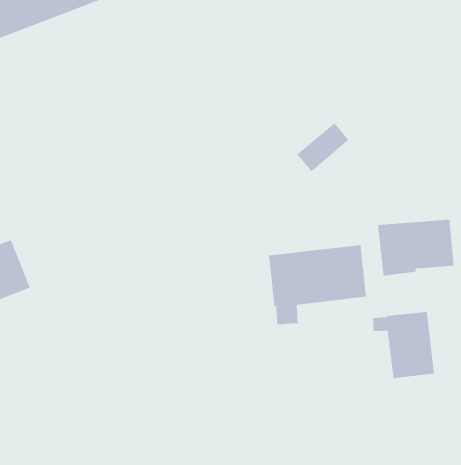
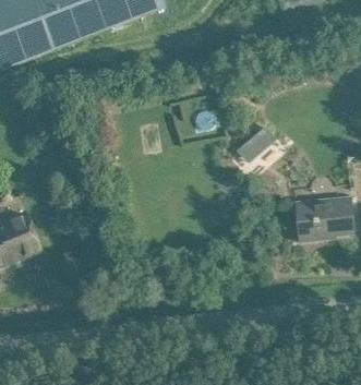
building: [269,244,367,325] -> none
building: [372,311,434,379] -> none

